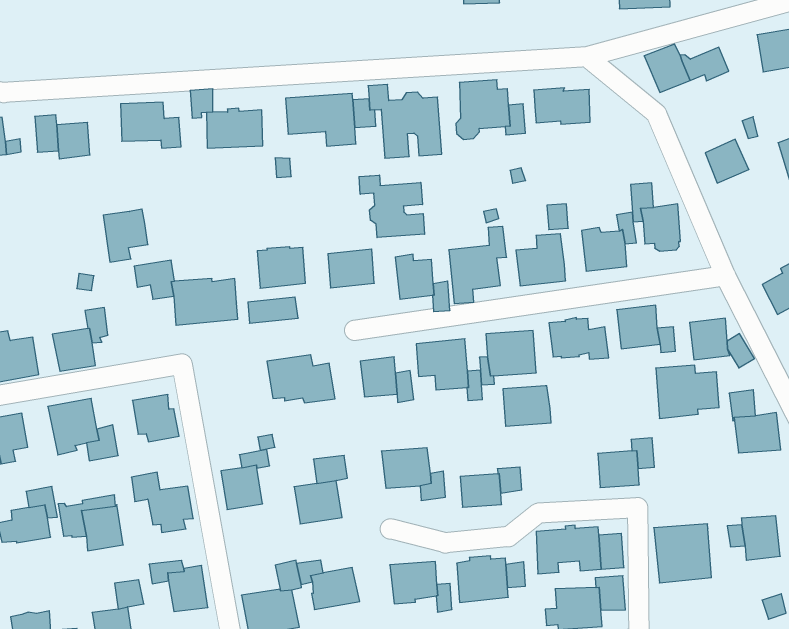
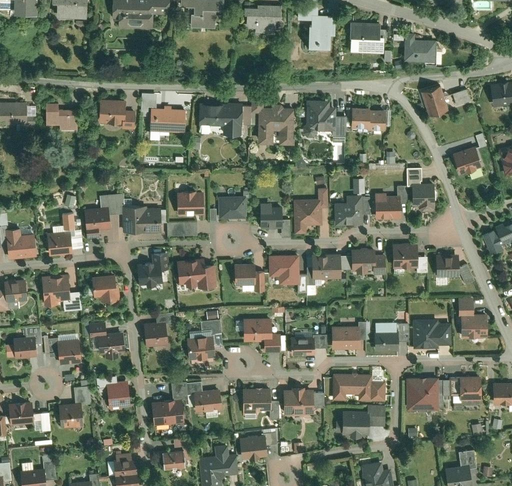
building: [359,175,425,238] -> none
building: [103,209,148,262] -> [84,208,110,239]
building: none -> [137,252,168,286]
building: [656,365,719,418] -> [413,319,450,350]
building: [503,386,551,426] -> [331,328,359,351]

